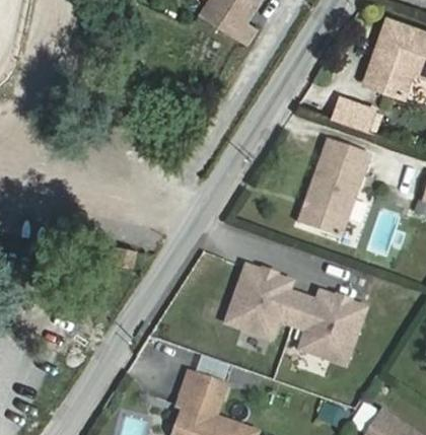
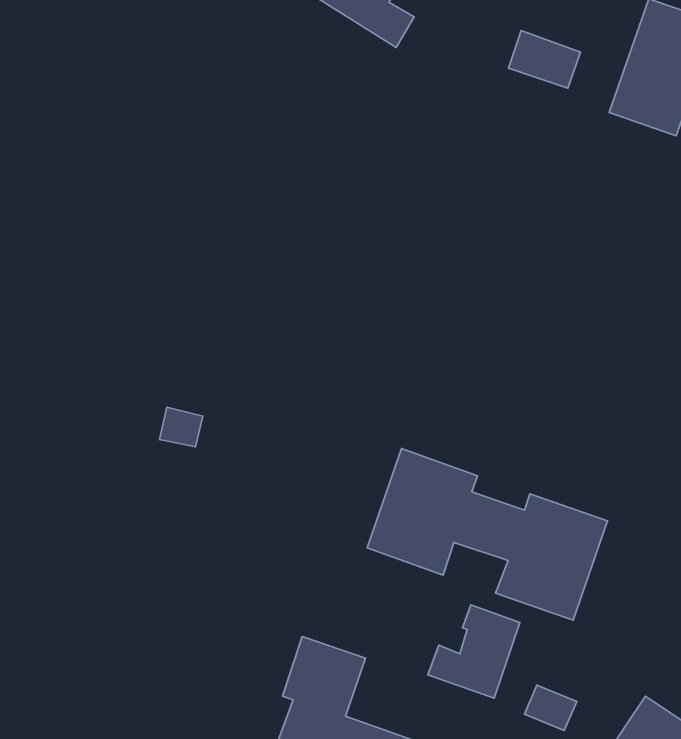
building: [332,96,372,129] -> [508,30,581,88]
building: [296,137,368,235] -> none
building: none -> [428,605,520,698]

